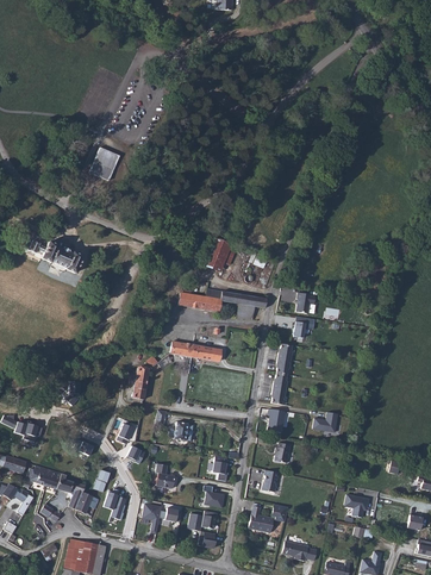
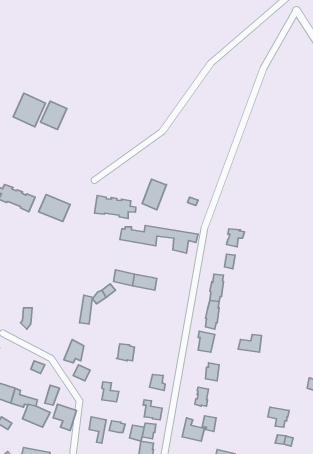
building: none -> [13,93,46,127]
building: none -> [39,194,70,222]
building: none -> [95,195,136,219]

